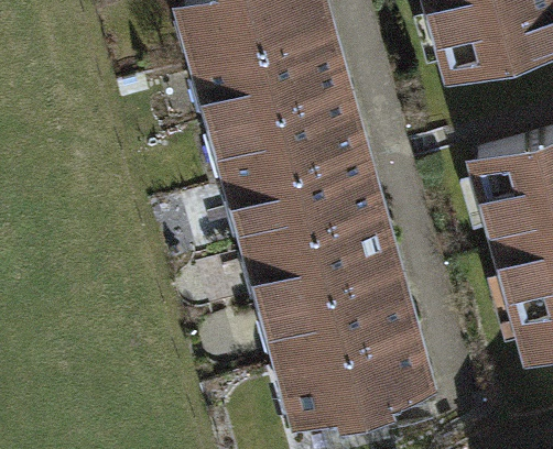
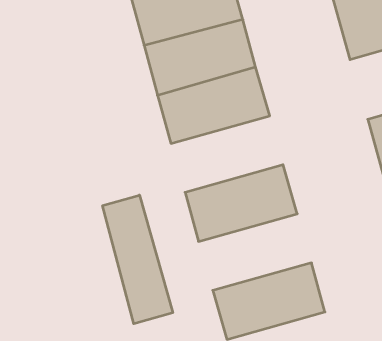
building: [236,156,375,251] -> none
building: none -> [103,195,173,324]
building: [270,277,410,372] -> none

